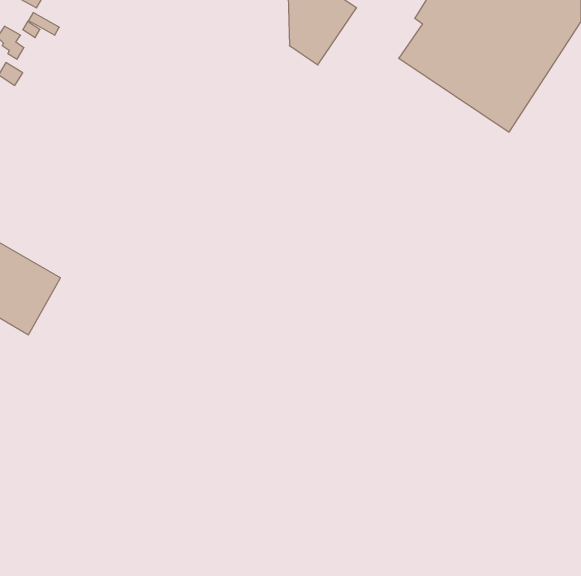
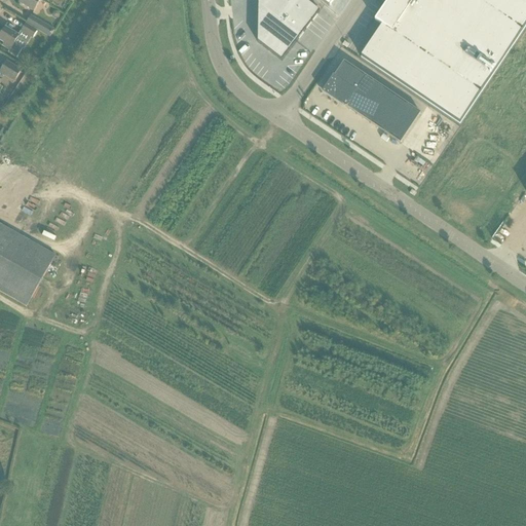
building: none -> [321,57,420,139]

